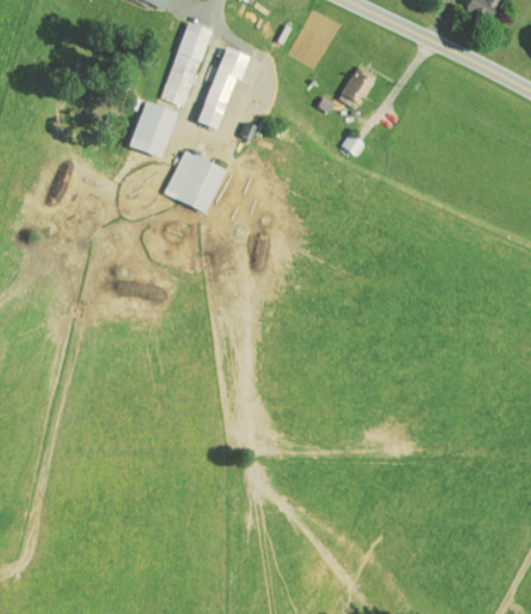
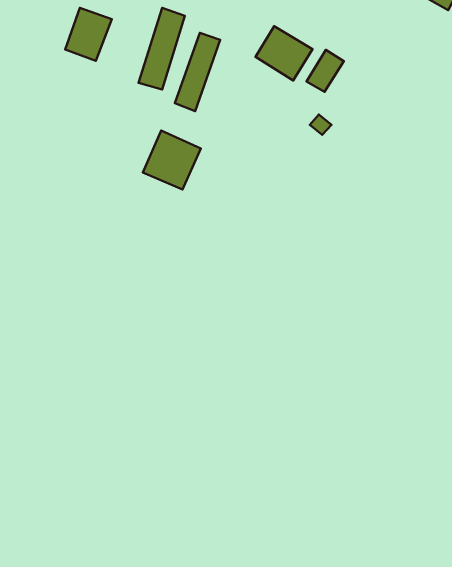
building: none -> [255,26,313,81]
building: [128,101,177,157] -> [65,8,112,61]

